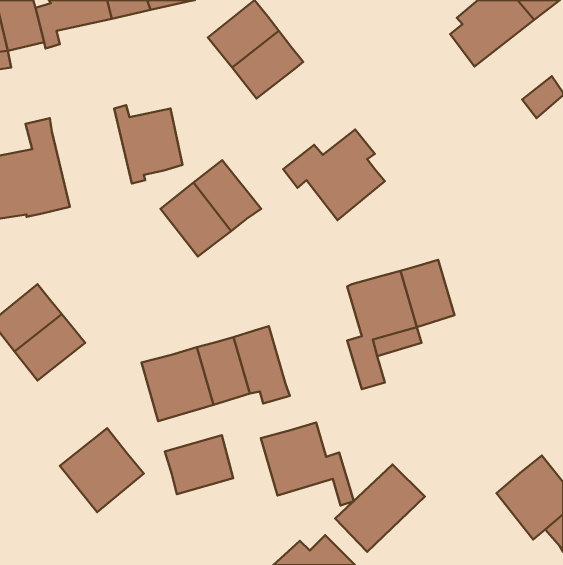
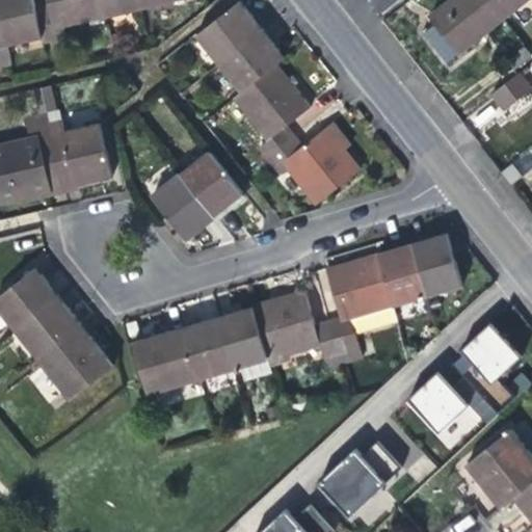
building: none -> [233,64,312,159]
building: [114,105,183,184] -> [49,121,113,194]
building: none -> [411,234,462,296]
building: none -> [455,324,517,401]
building: none -> [404,372,493,451]
building: [261,423,354,506] -> [252,292,340,370]
building: [60,428,144,512] -> [35,322,114,401]
building: [165,435,233,494] -> none

